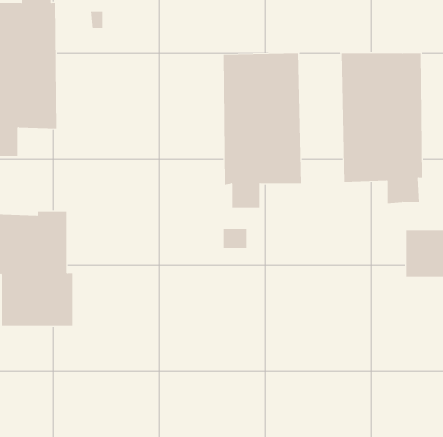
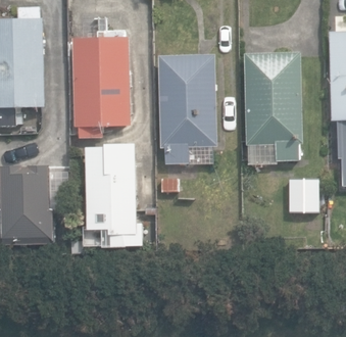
building: none -> [71,31,129,138]
building: none -> [70,144,142,253]

